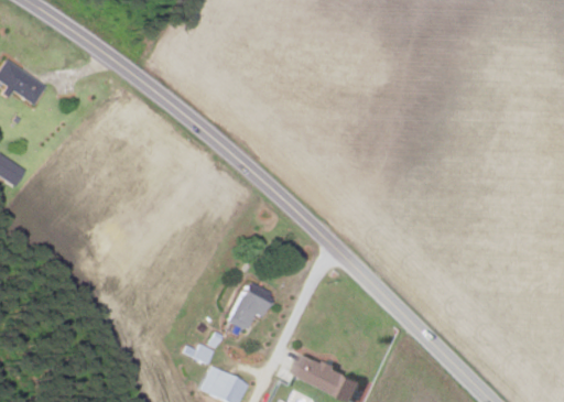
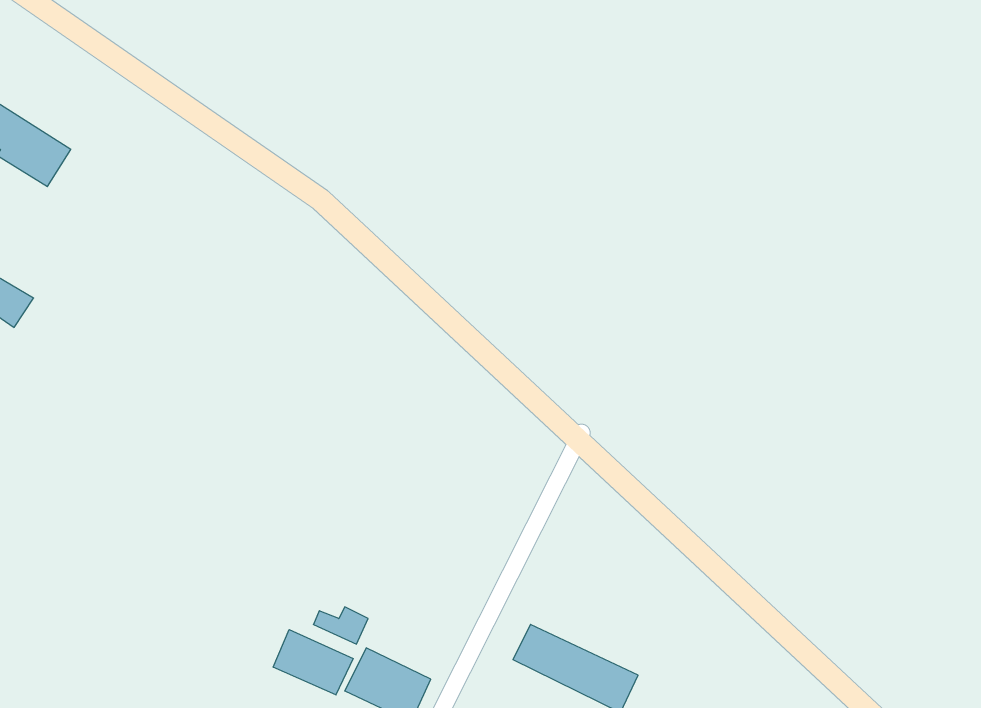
building: [227,282,271,332] -> none
building: none -> [273,630,353,695]

